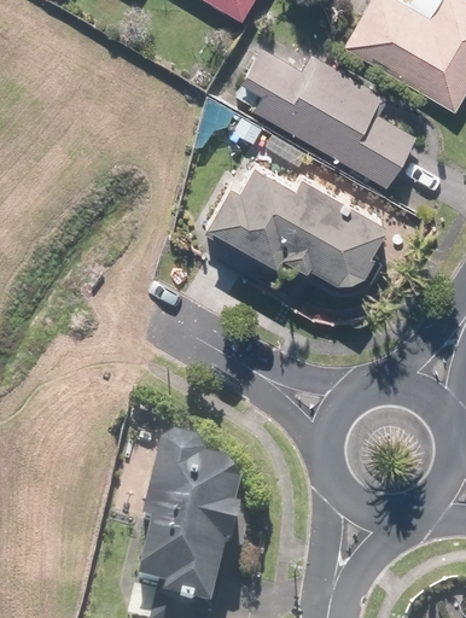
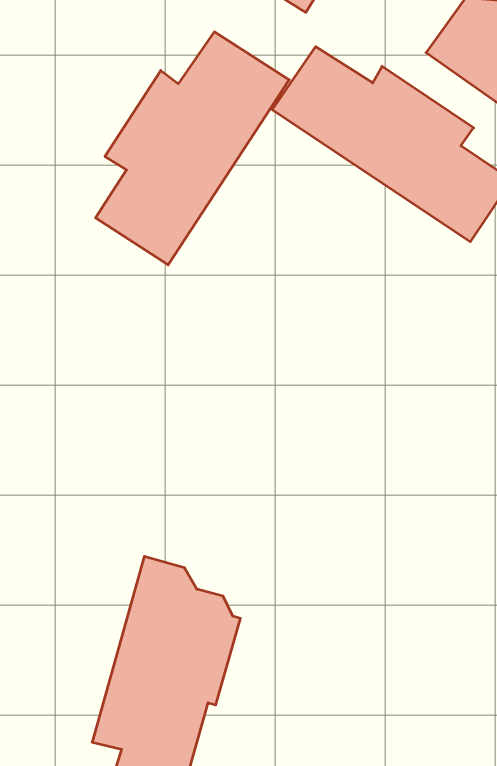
building: none -> [96,32,289,265]
building: [205,168,385,303] -> none

